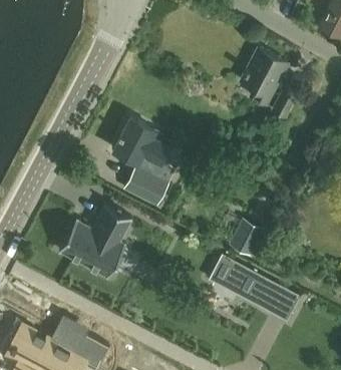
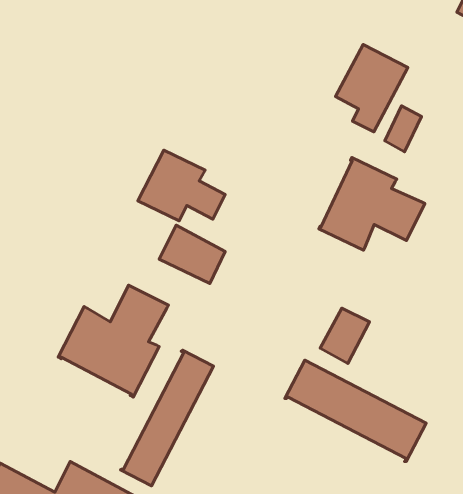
building: none -> [319,158,425,250]
building: none -> [121,350,213,486]

